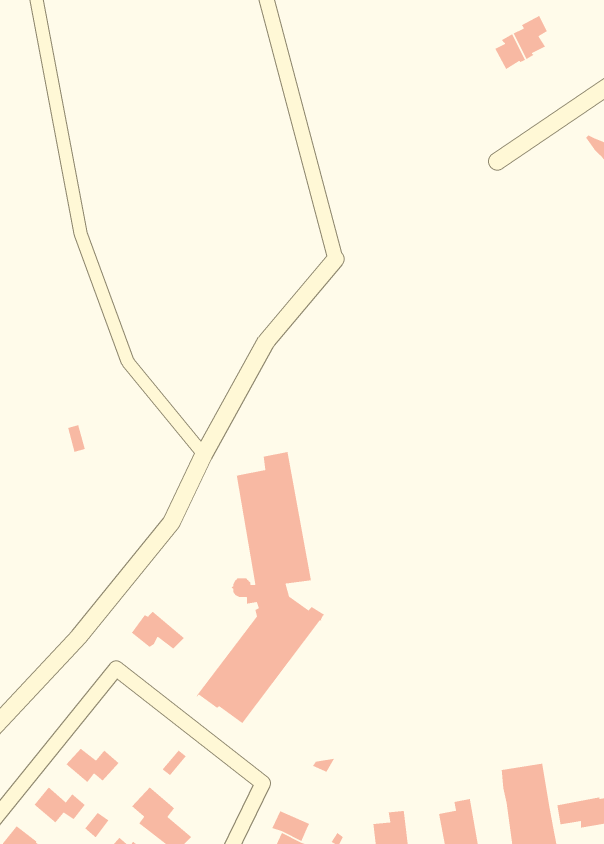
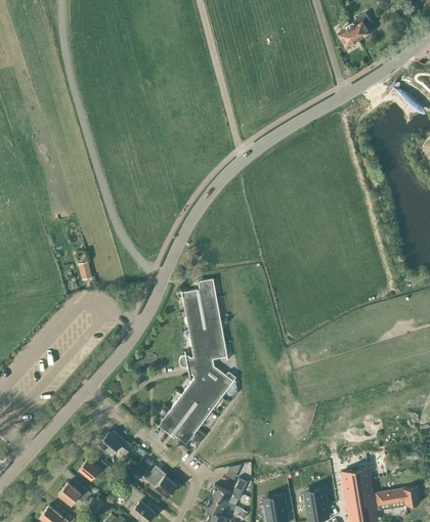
building: [131,611,185,650] -> [99,432,132,455]
building: none -> [144,467,176,498]
building: none -> [208,479,247,512]

